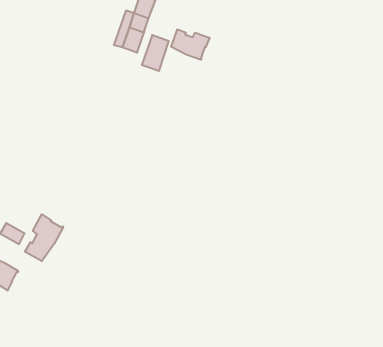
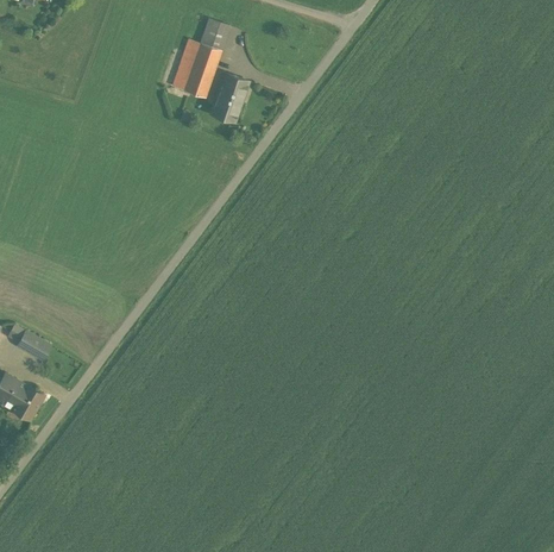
building: [171,29,210,60] -> none
building: [25,214,63,261] -> none

